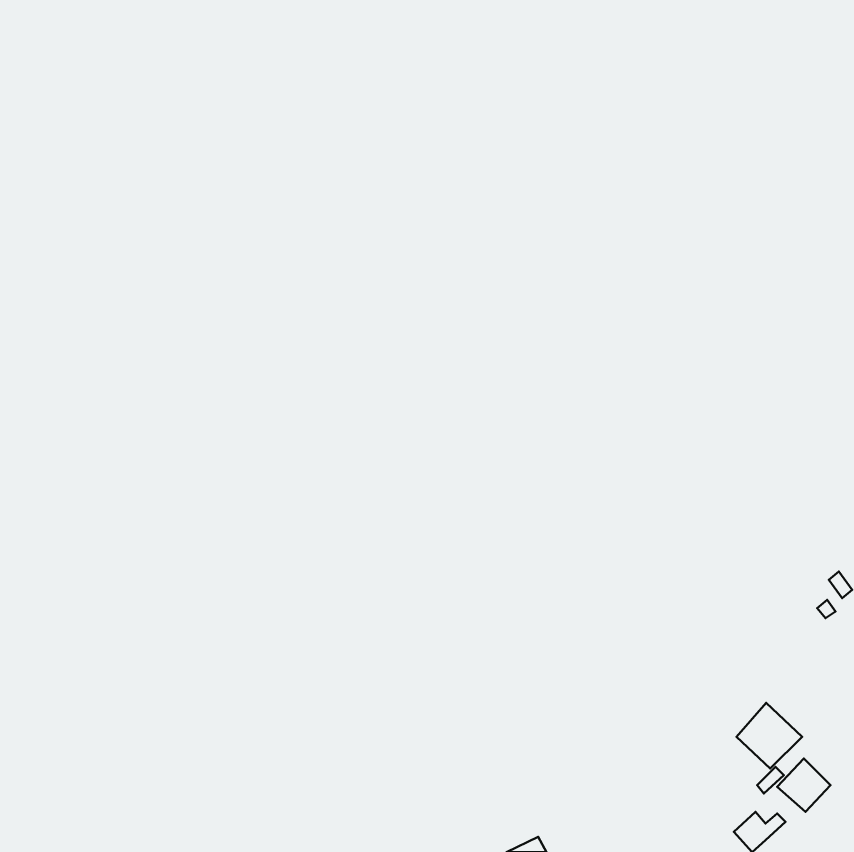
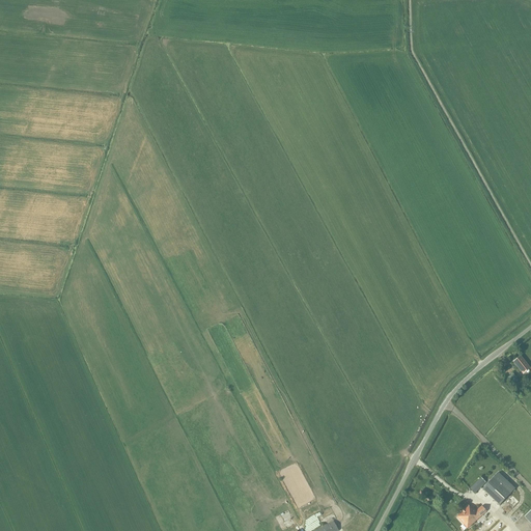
building: [736,703,802,769] -> none

